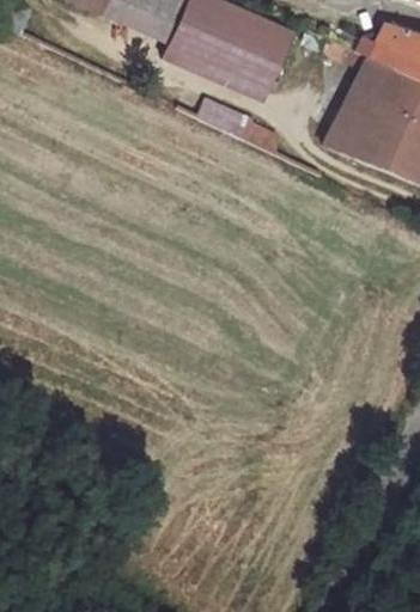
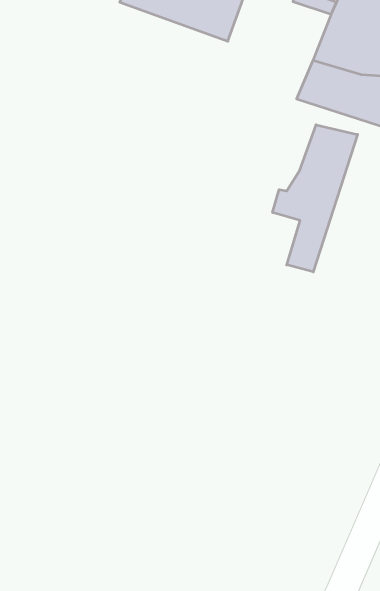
building: none -> [273,125,358,272]

